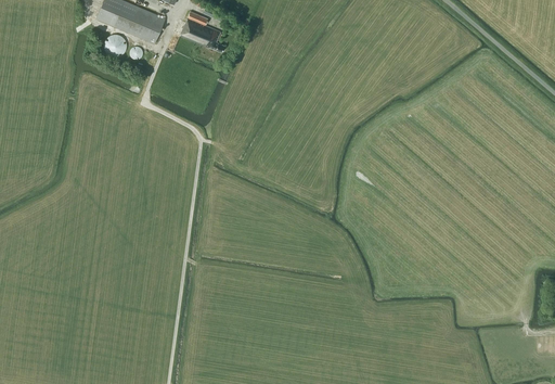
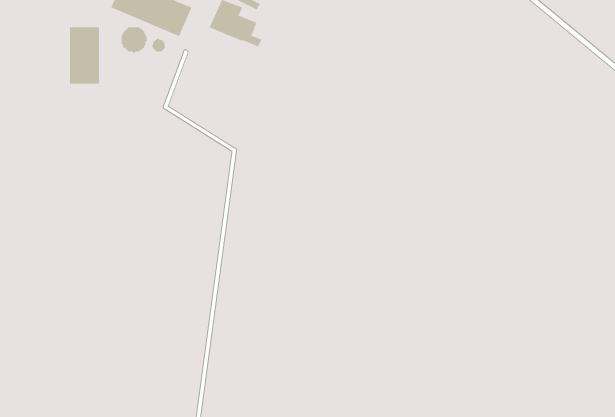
building: none -> [69,26,100,85]

